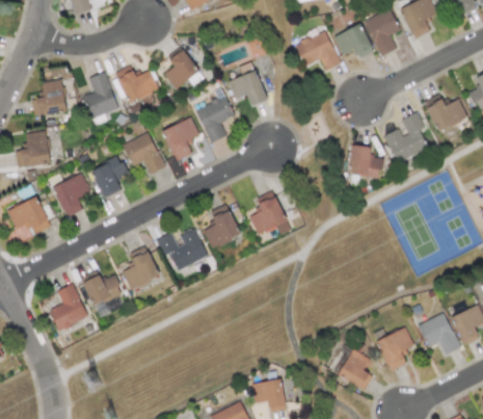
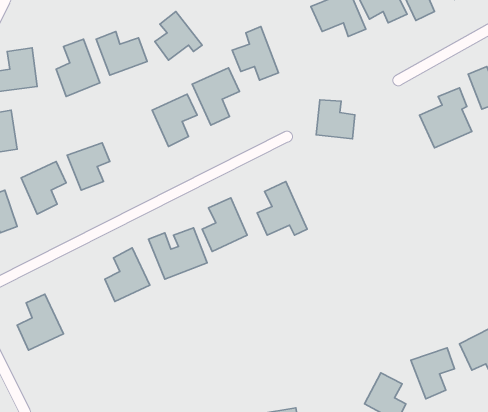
building: [123,132,165,174] -> none
building: [350,146,382,178] -> [316,100,355,139]
building: [82,272,123,306] -> none

